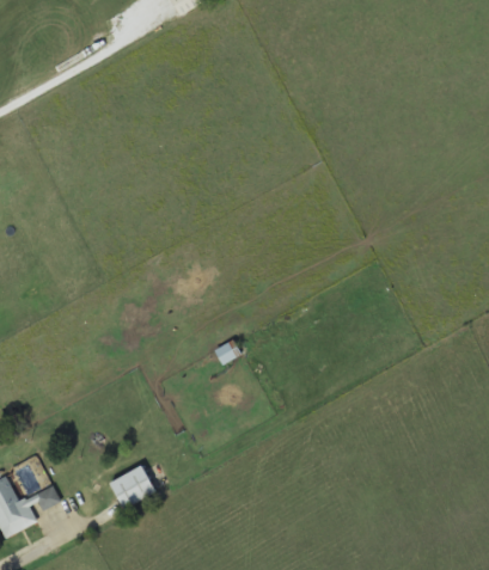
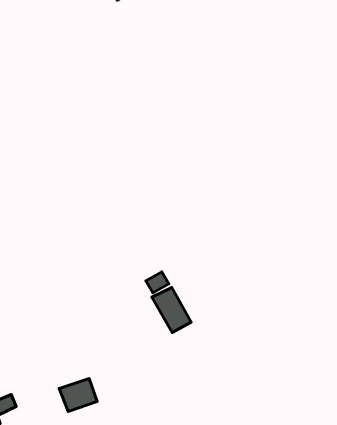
building: none -> [152,288,191,333]

